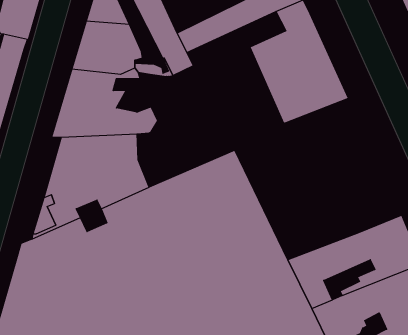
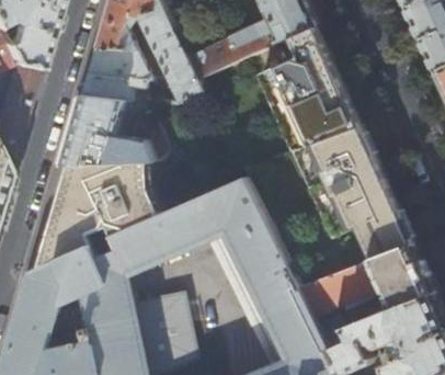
building: none -> [293,125,411,261]

